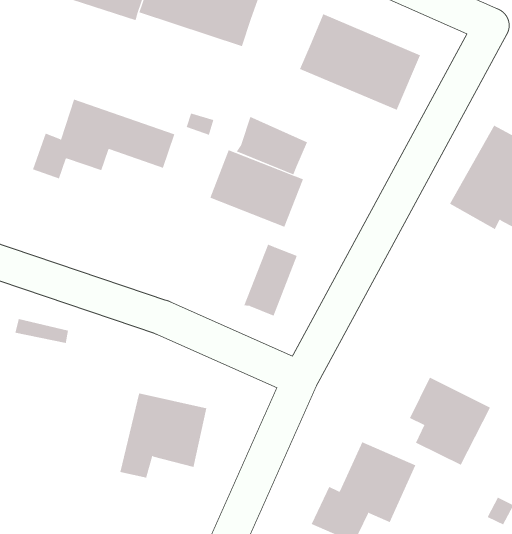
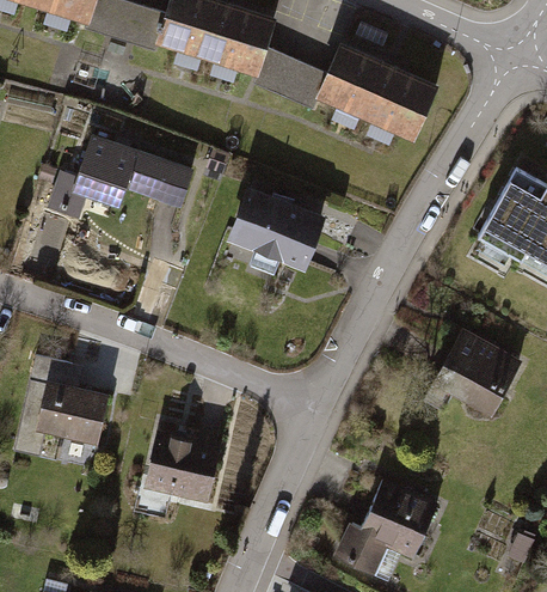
building: [236,116,308,175] -> [256,50,328,110]
building: [244,244,297,317] -> none
building: none -> [37,385,111,448]
building: [409,377,491,465] -> [436,329,518,419]

